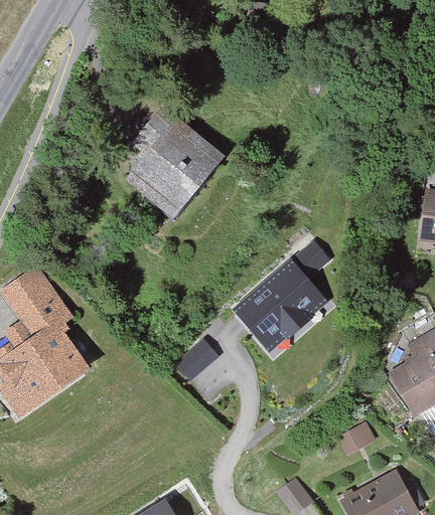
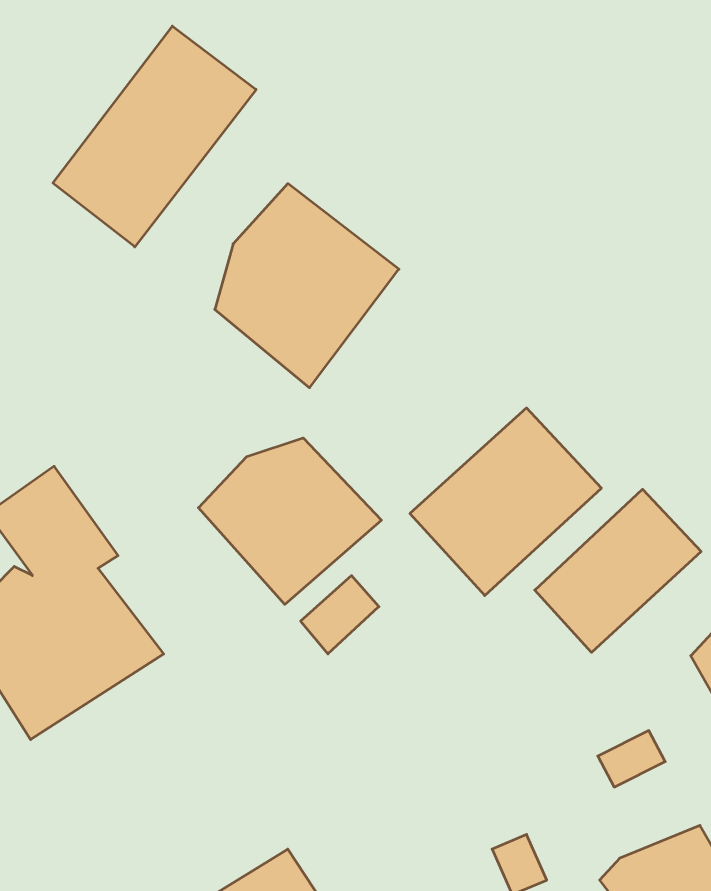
building: none -> [53,26,256,247]
building: none -> [198,438,381,604]
building: none -> [535,489,701,652]

